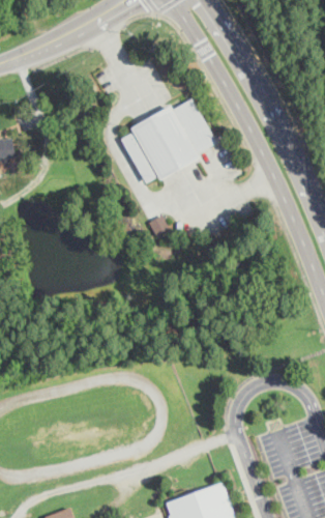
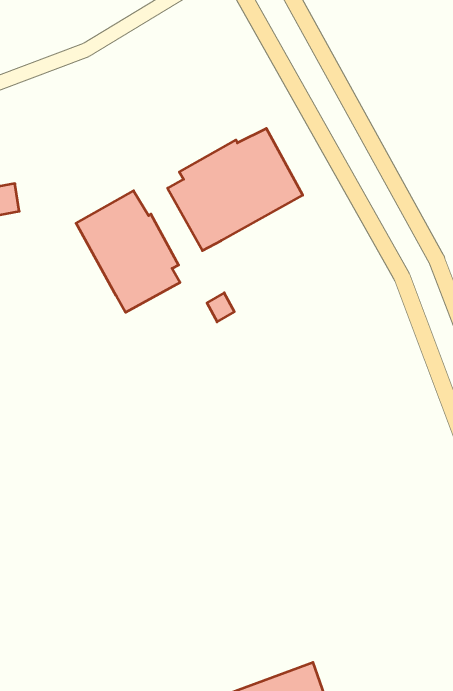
building: none -> [76,191,180,312]

